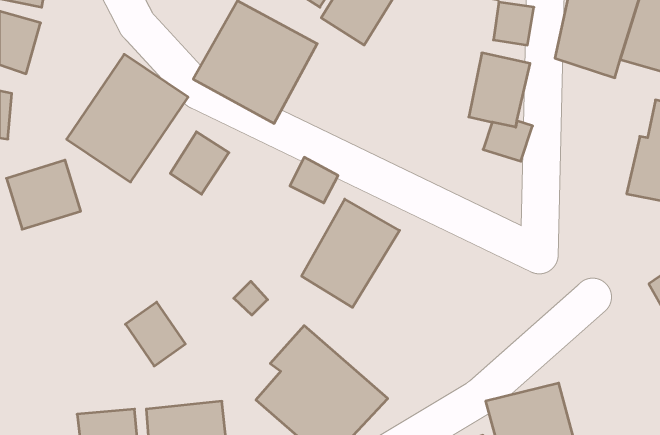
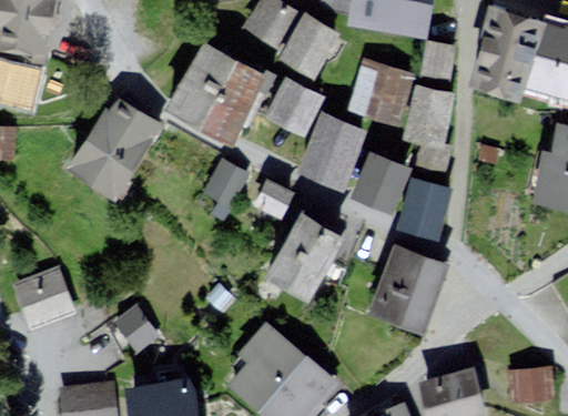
building: none -> [348,60,417,128]
building: none -> [264,77,322,135]
building: none -> [296,113,367,191]
building: none -> [348,151,410,215]
building: [170,132,229,194] -> [196,155,246,209]
building: [6,160,81,229] -> [9,265,72,324]
building: none -> [398,179,456,241]
building: none -> [372,247,445,329]
building: none -> [513,359,552,396]

